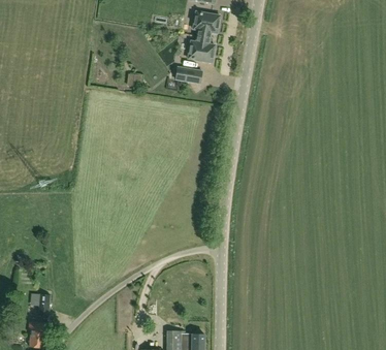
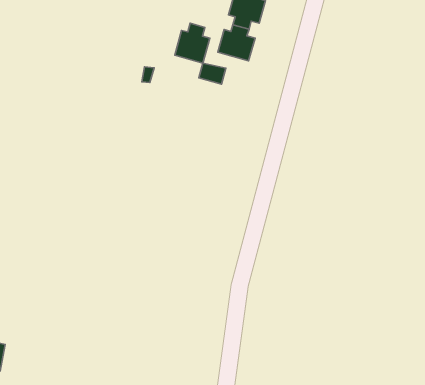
building: none -> [175,23,210,63]

